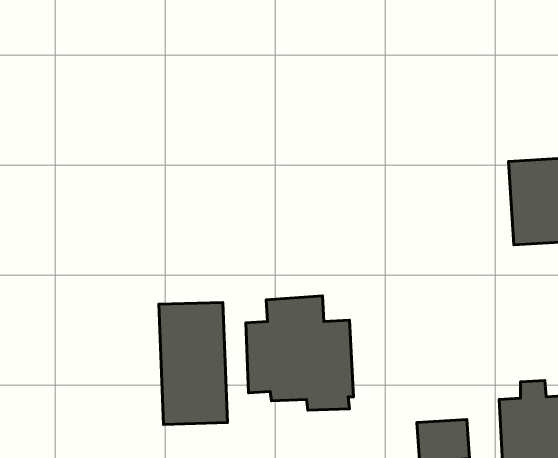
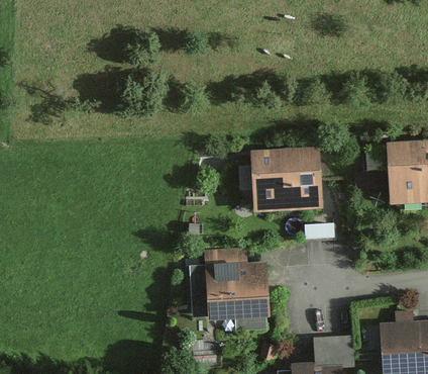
building: none -> [250,148,322,213]
building: [159,303,228,424] -> none

